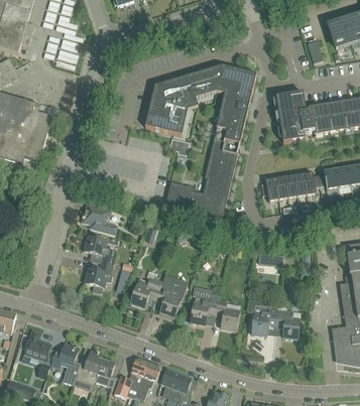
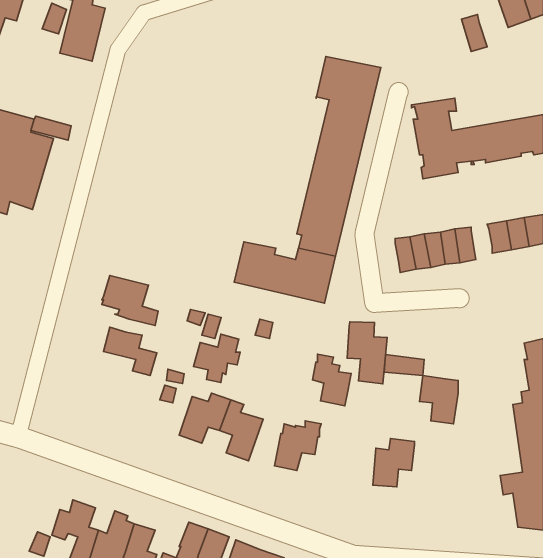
building: [144,65,222,135] -> none
building: none -> [347,322,387,384]
building: [84,262,113,292] -> [194,334,240,383]
building: [215,298,239,330] -> [313,354,351,406]
building: [275,308,299,339] -> [419,376,458,424]
building: [24,330,50,360] -> none

